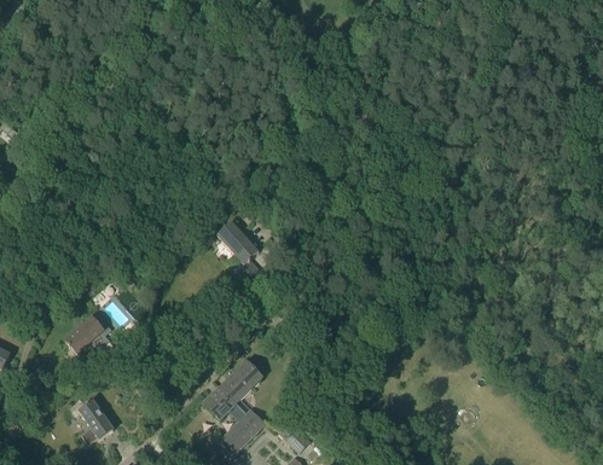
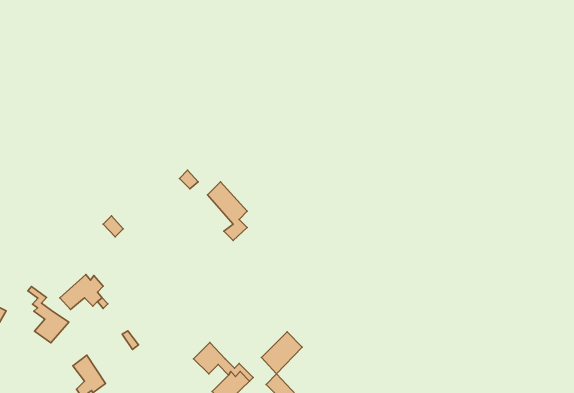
building: none -> [28,286,69,343]
building: [220,360,262,403] -> [261,332,302,374]

